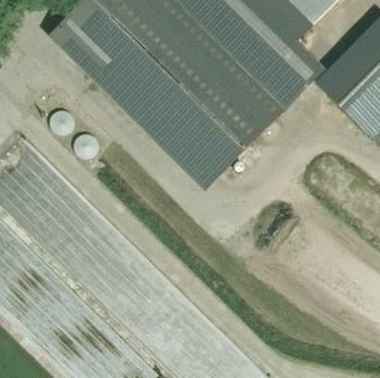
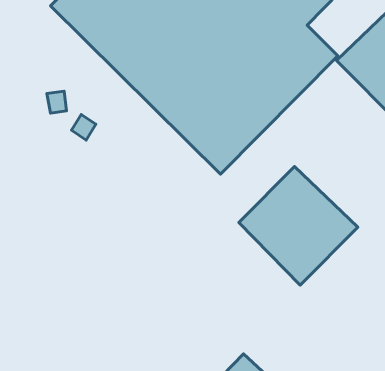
building: none -> [239,167,358,285]

